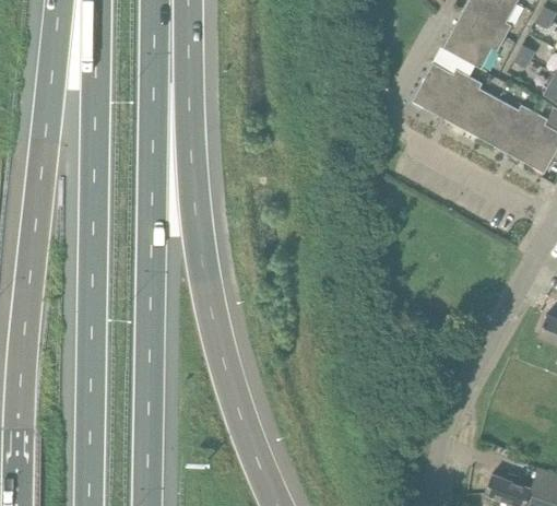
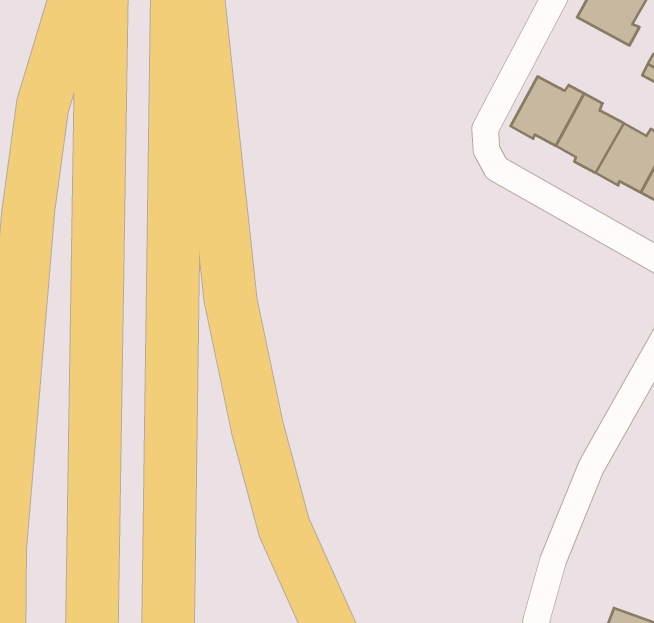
building: [443,17,505,70] -> none

